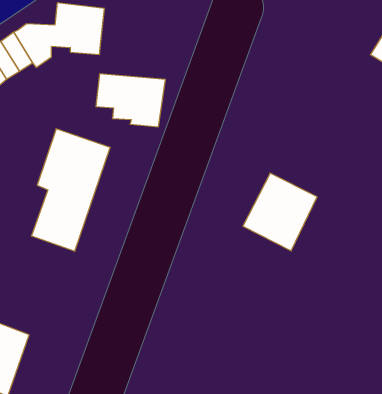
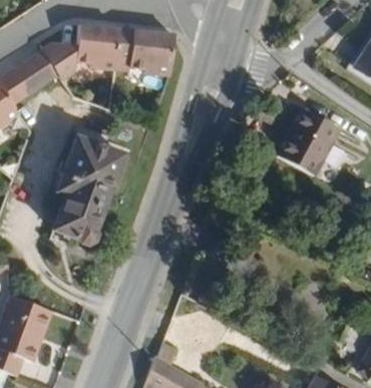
building: [96,74,165,127] -> [116,30,175,75]
building: [243,173,317,251] -> [277,110,340,176]

